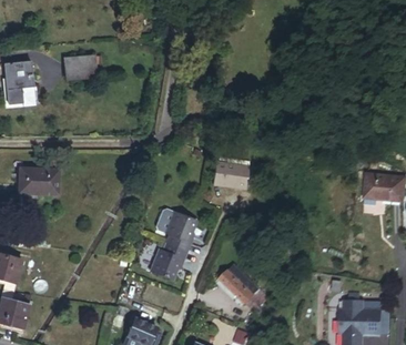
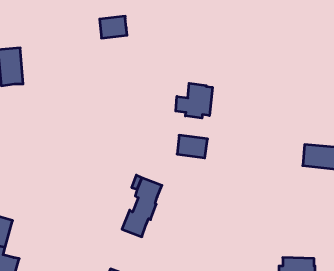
building: [64,52,97,78] -> [100,16,127,38]
building: none -> [176,83,212,118]
building: [18,166,58,192] -> none
building: [223,264,268,310] -> none

